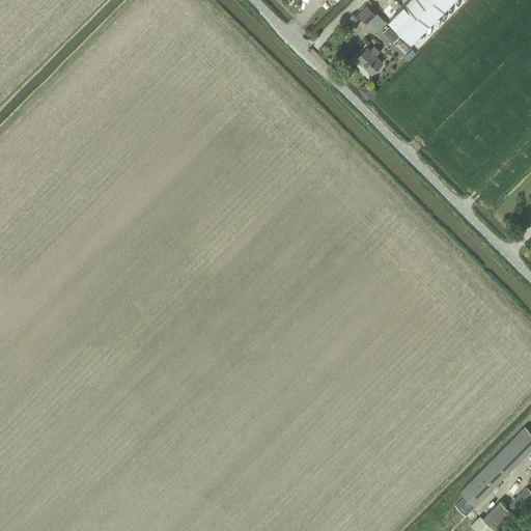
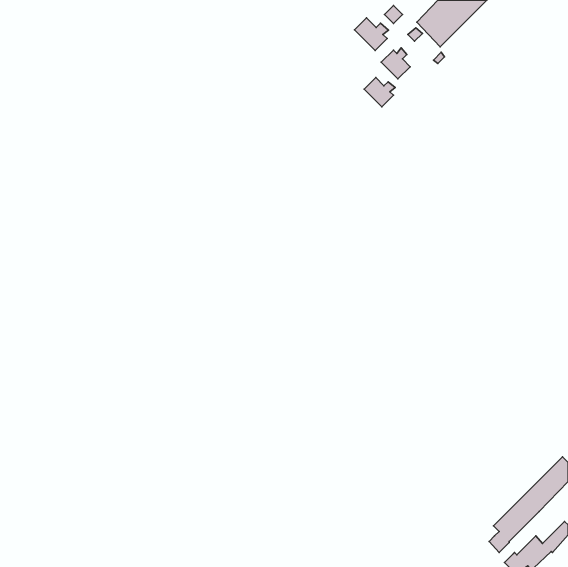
building: none -> [354,18,389,50]
building: none -> [364,78,395,107]

